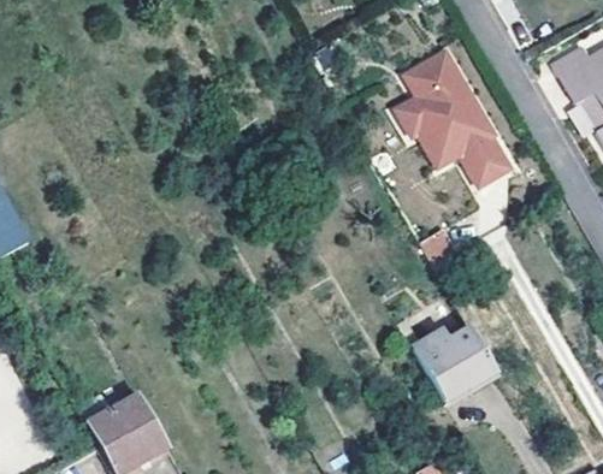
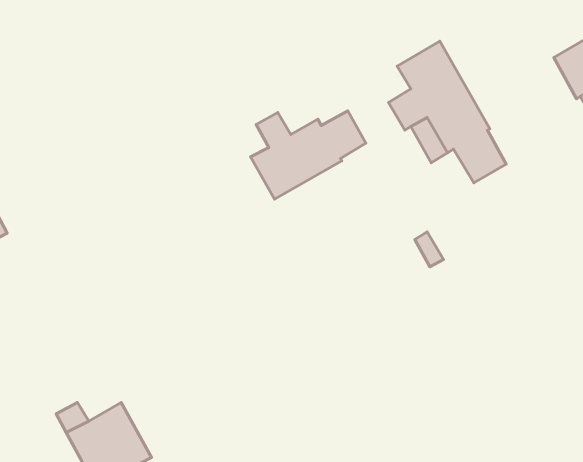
building: none -> [251,111,366,199]
building: [413,327,498,403] -> none

